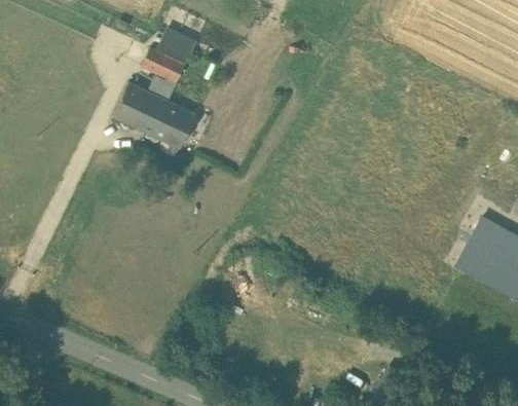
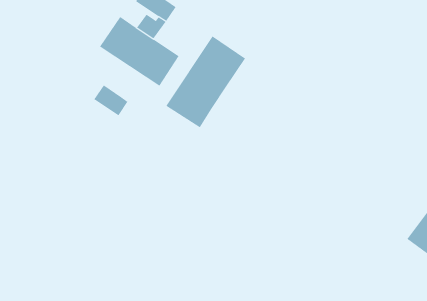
building: none -> [166,35,246,128]
building: none -> [94,85,128,116]

